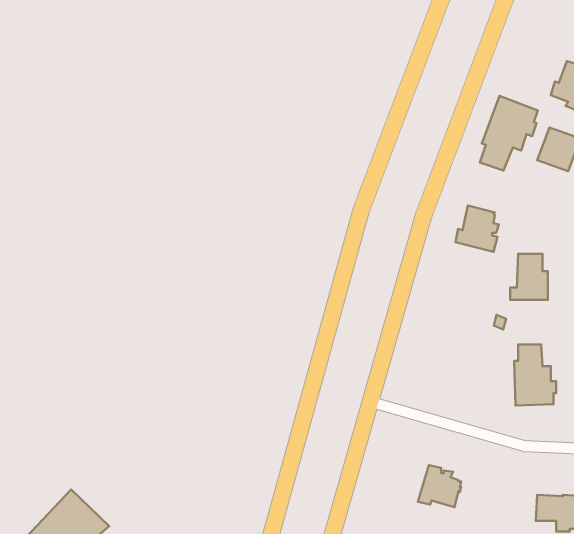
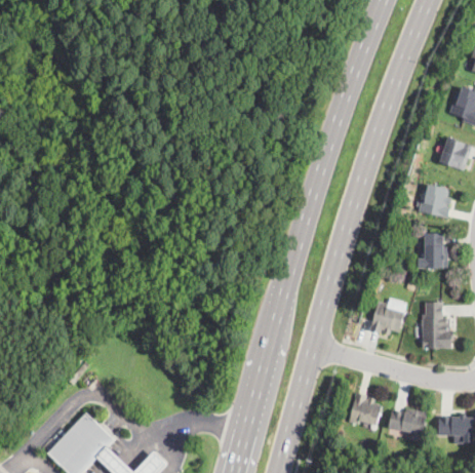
building: [480,96,538,170] -> none
building: [456,206,499,252] -> [419,184,451,219]
building: none -> [370,302,403,337]
building: none -> [389,407,427,440]

